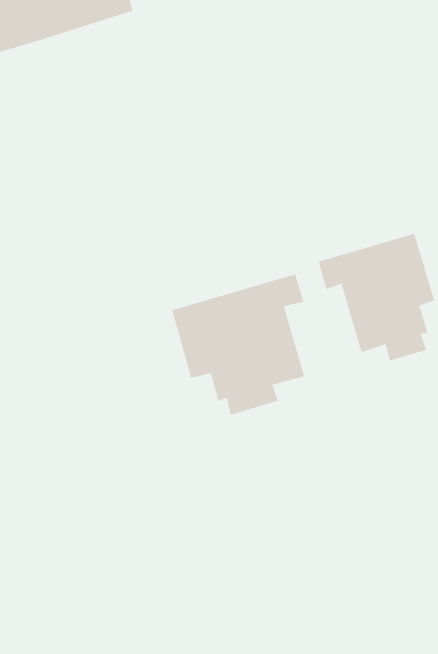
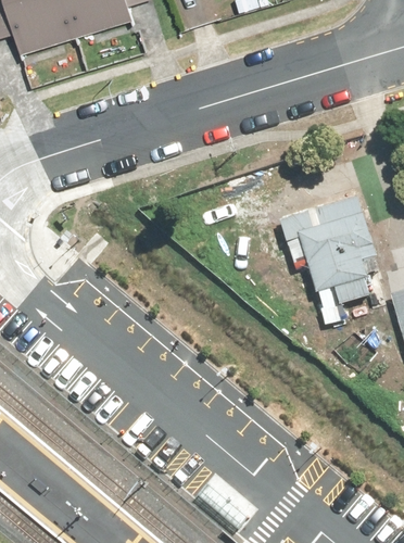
building: [172,274,305,415] -> none

